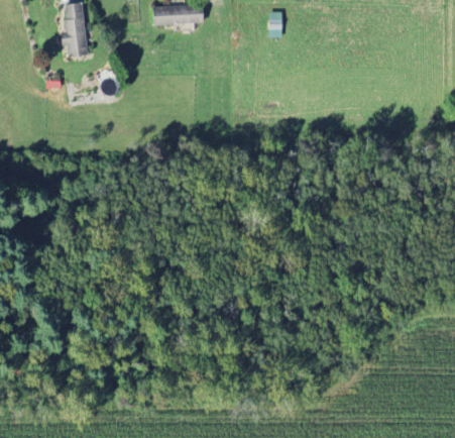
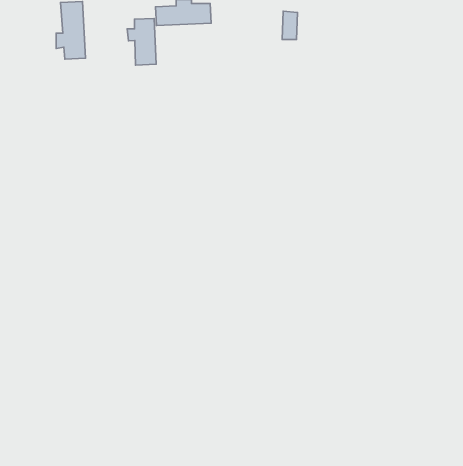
building: none -> [127,18,156,65]

